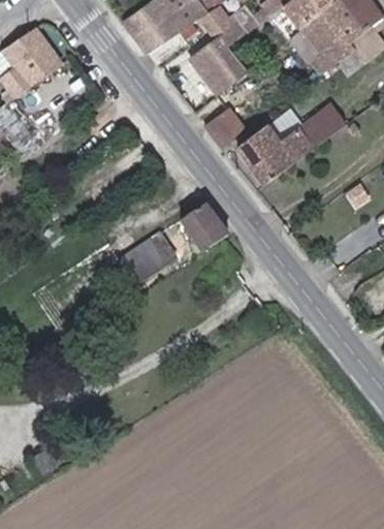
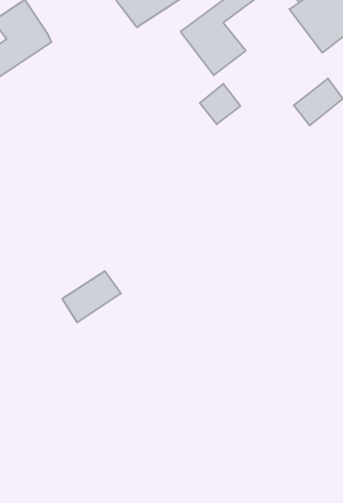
building: [235,126,312,186] -> none
building: [180,205,227,252] -> none
building: [119,236,175,285] -> [62,271,121,322]

